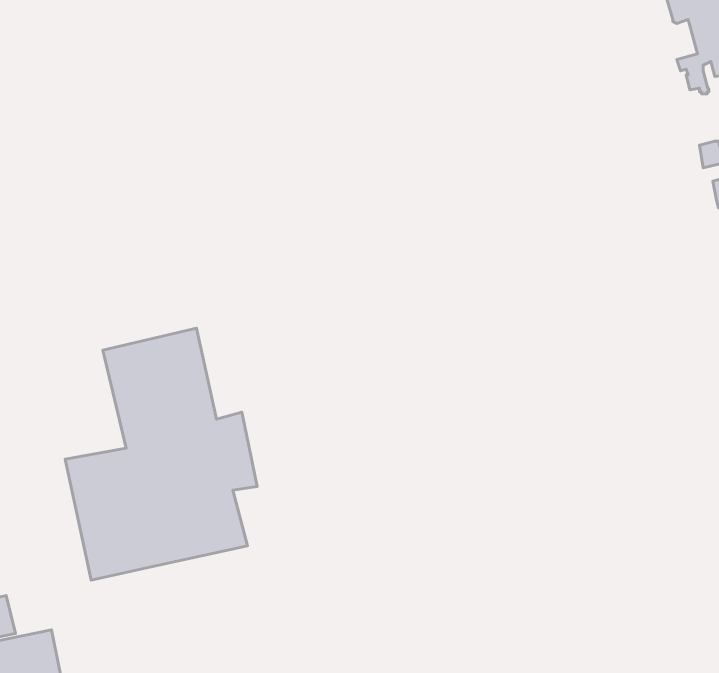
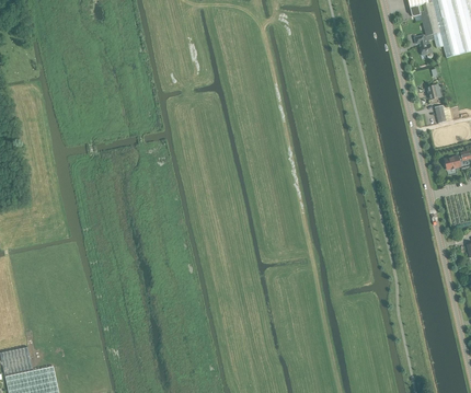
building: [65,328,257,580] -> none

